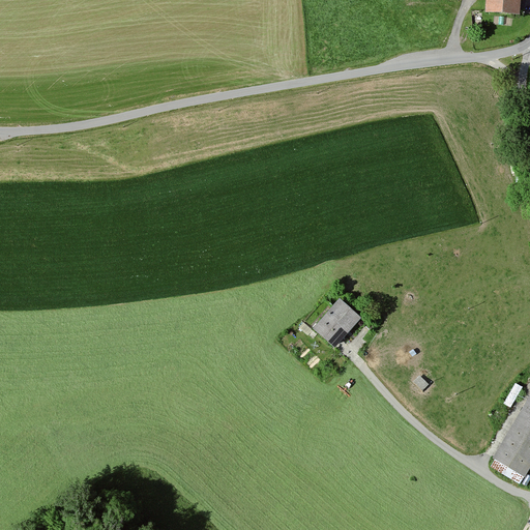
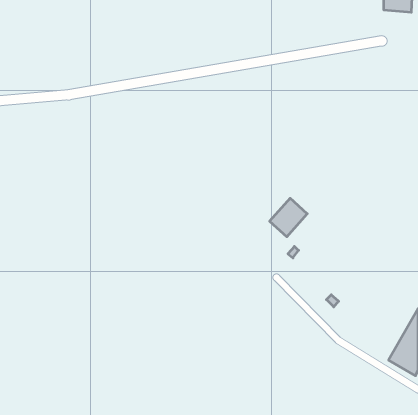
building: [313,297,360,346] -> [270,198,307,237]

